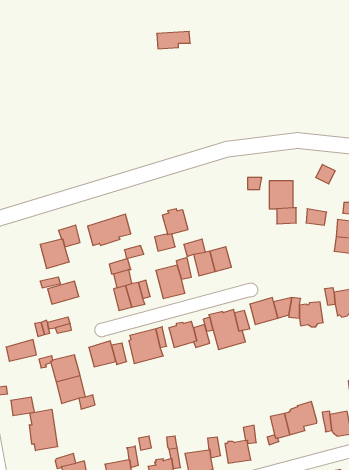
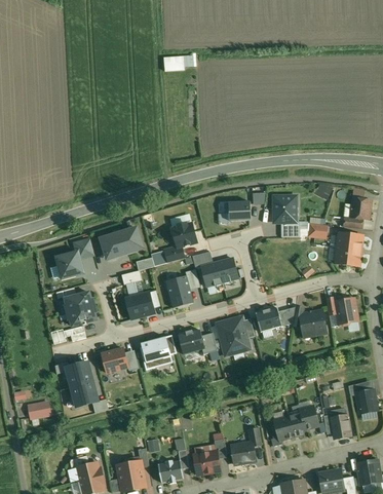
building: none -> [224,200,251,220]
building: [6,340,36,361] -> [67,305,95,326]
building: [29,409,57,451] -> none

